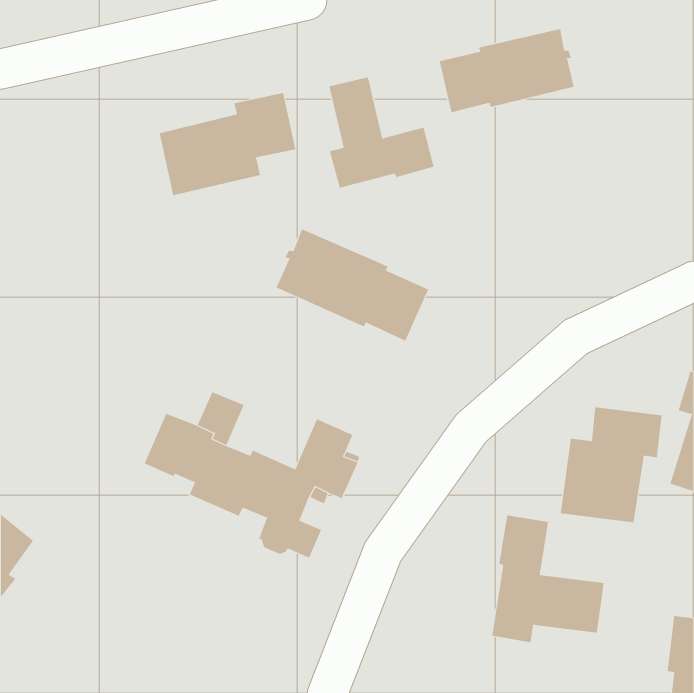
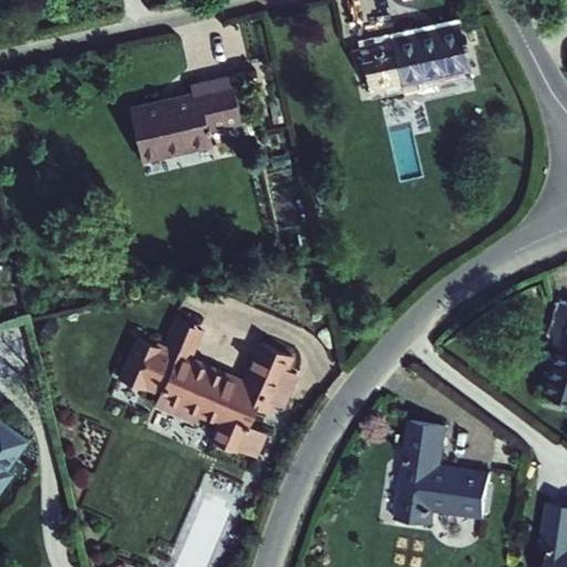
building: [329,77,434,188] -> none
building: [276,228,429,341] -> none
building: [560,407,662,523] -> none

